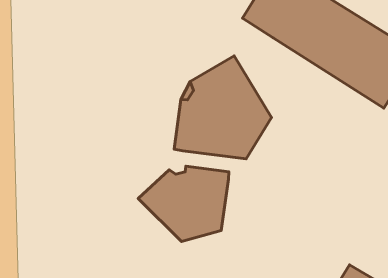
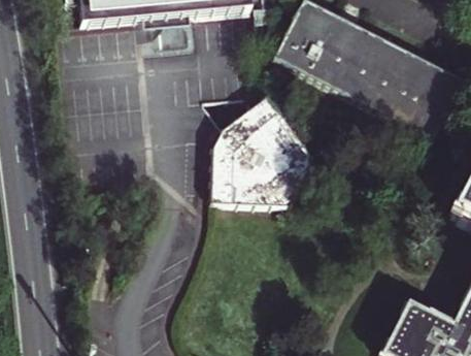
building: [138,166,229,241] -> none

